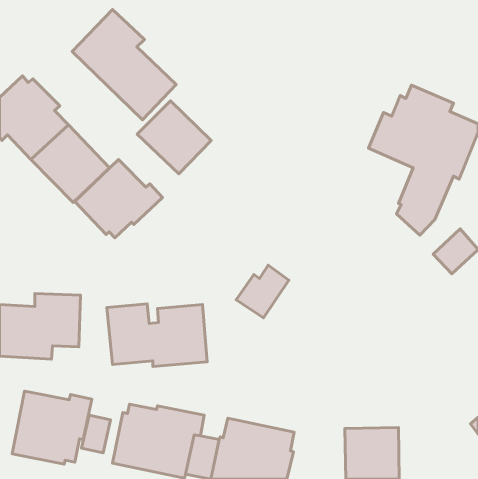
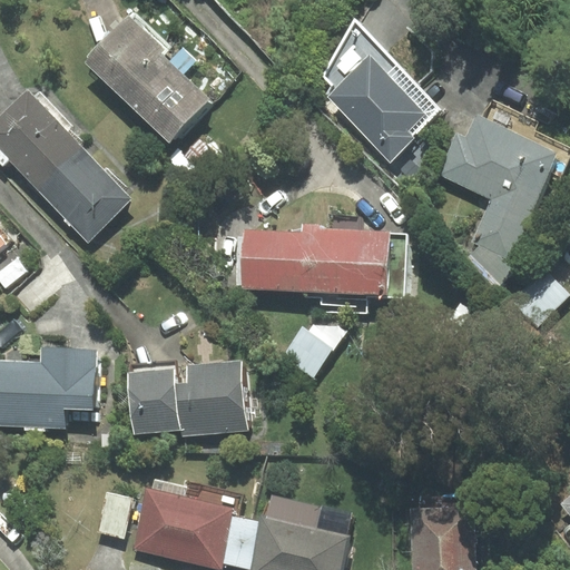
building: none -> [324,26,436,159]
building: [137,101,211,174] -> none
building: [75,159,162,238] -> none
building: none -> [236,227,409,314]
building: [12,391,92,464] -> none

